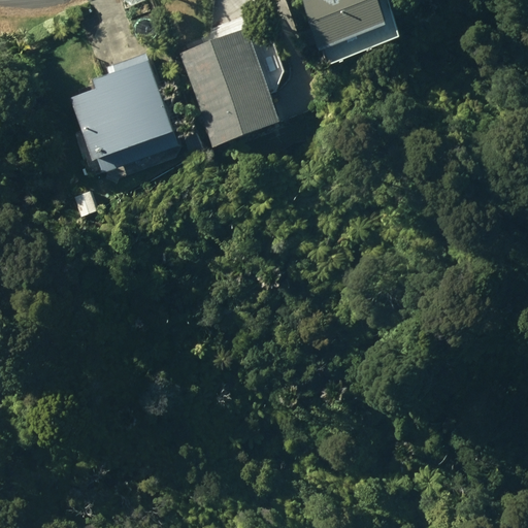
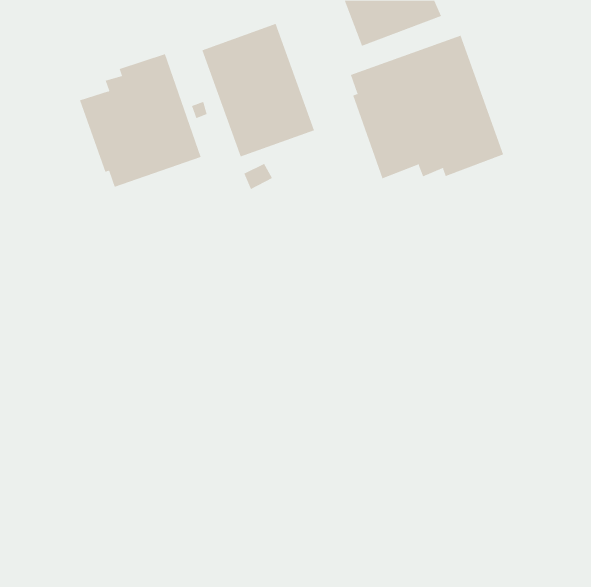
building: none -> [350,35,504,179]

